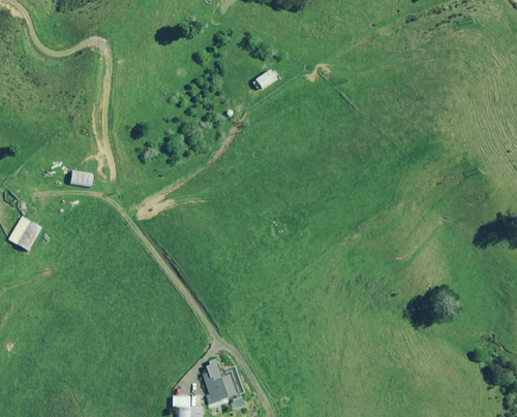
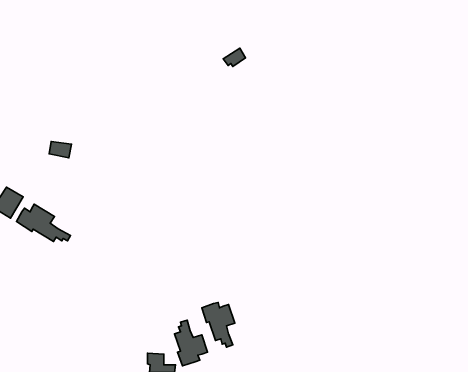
building: none -> [16,204,70,241]
building: none -> [202,302,235,347]

